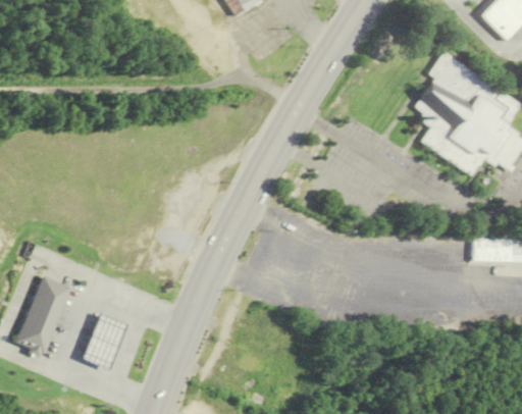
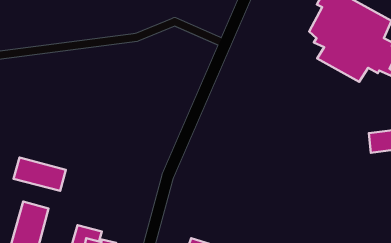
building: none -> [13,157,66,191]

